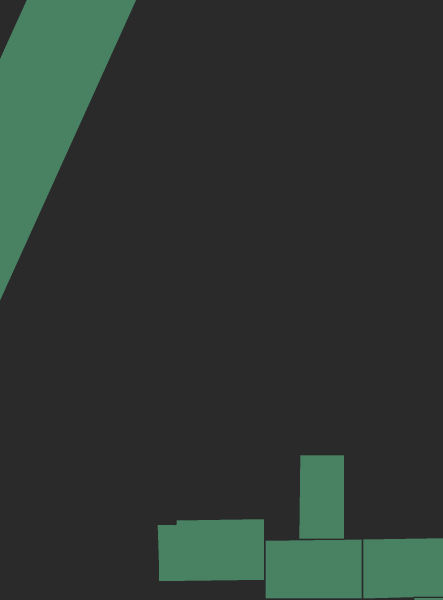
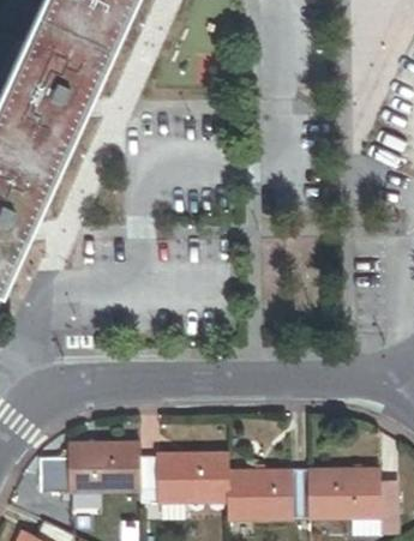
building: [299,454,344,539] -> none
building: none -> [41,441,144,493]

